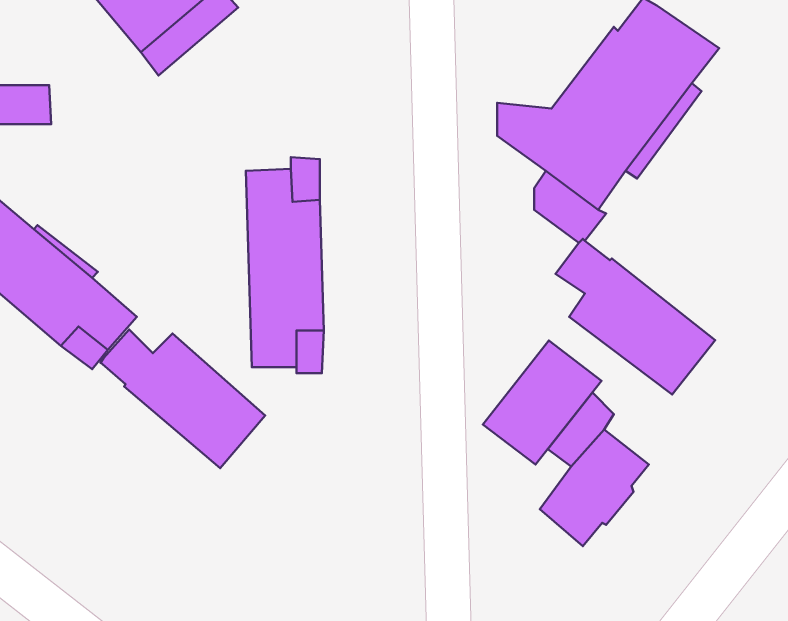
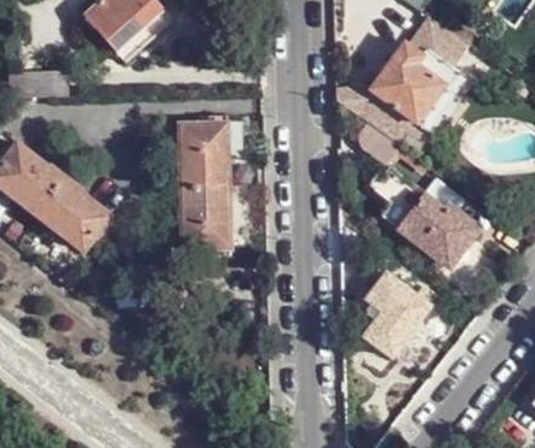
building: [100,329,265,468] -> none
building: [483,340,601,465] -> none

